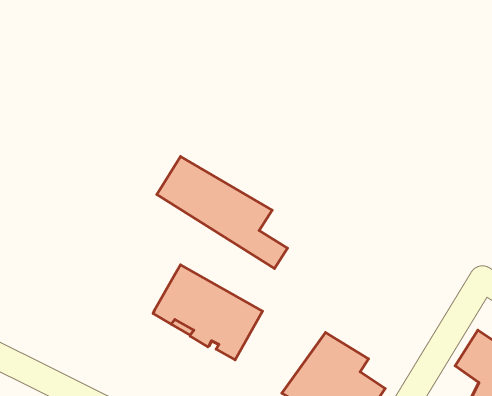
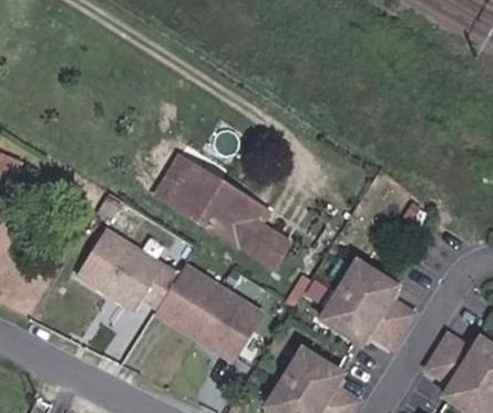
building: none -> [72,234,173,313]
building: none -> [323,252,419,339]

